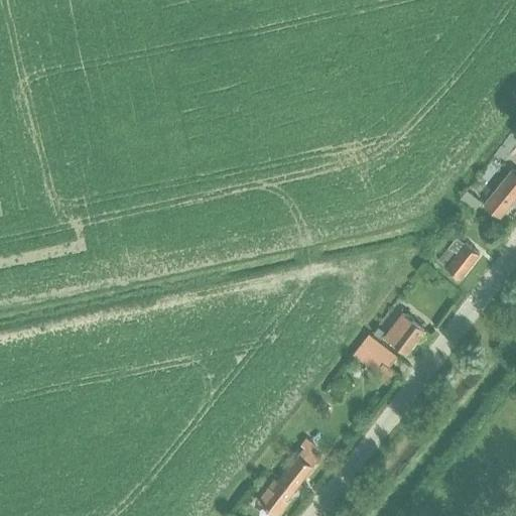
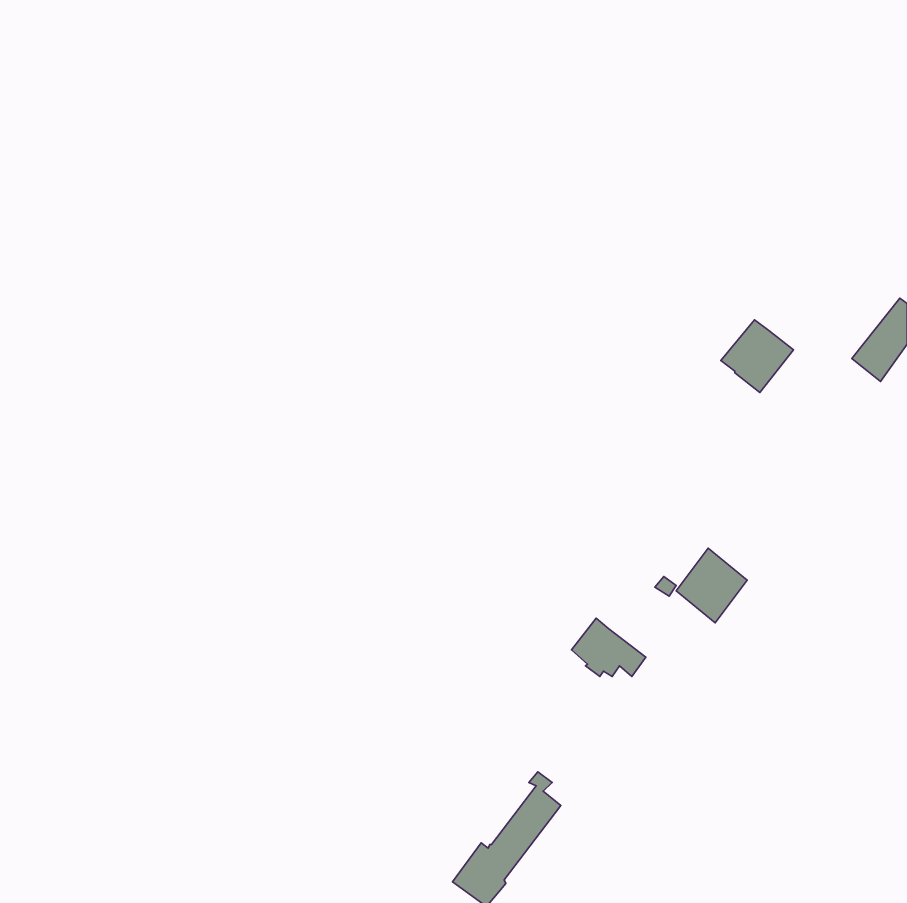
building: [437,238,479,279] -> [721,320,794,392]
building: [355,336,397,369] -> [571,618,646,677]

